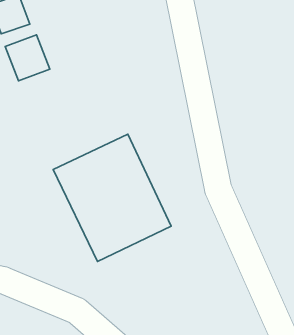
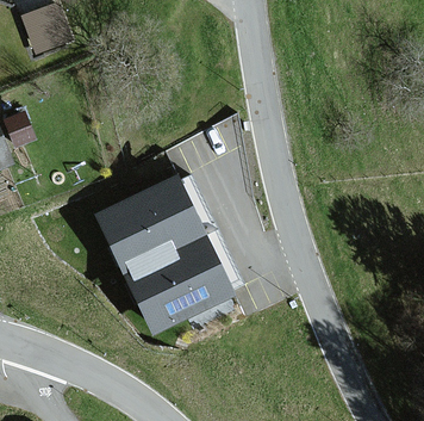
building: [5,35,50,81] -> none

